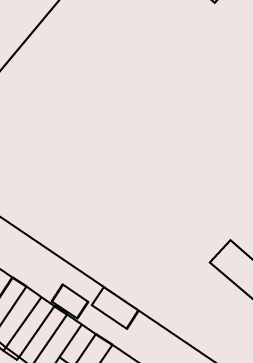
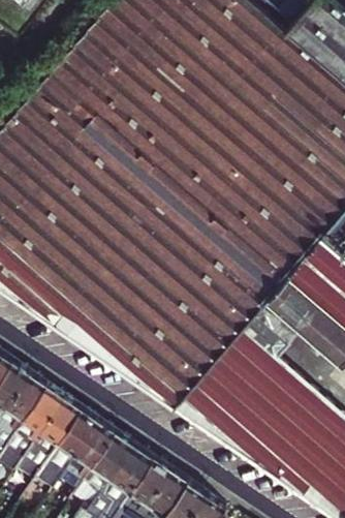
building: [52,285,88,319] -> none
building: [92,287,139,329] -> none

